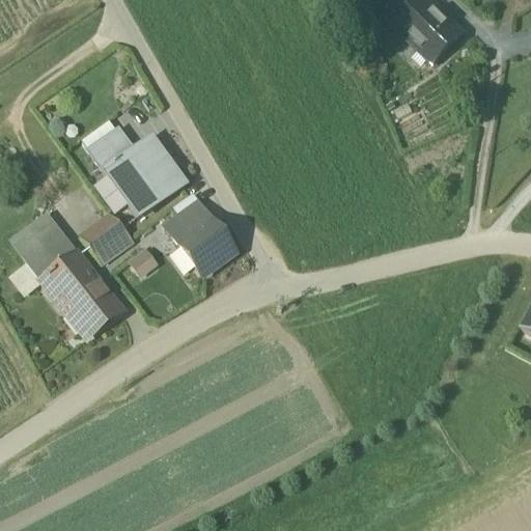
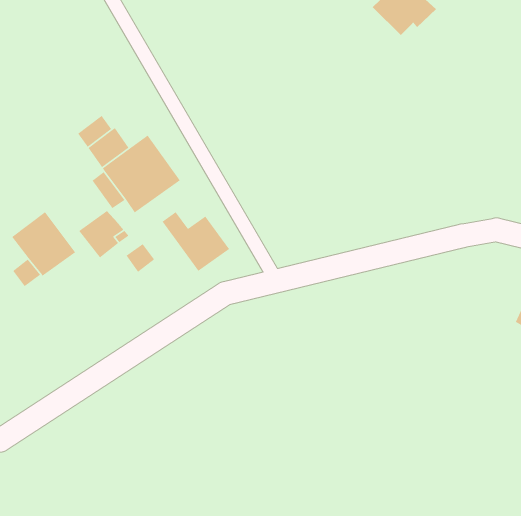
building: [409,9,466,61] -> none
building: [175,192,212,230] -> none
building: [46,254,122,333] -> none

